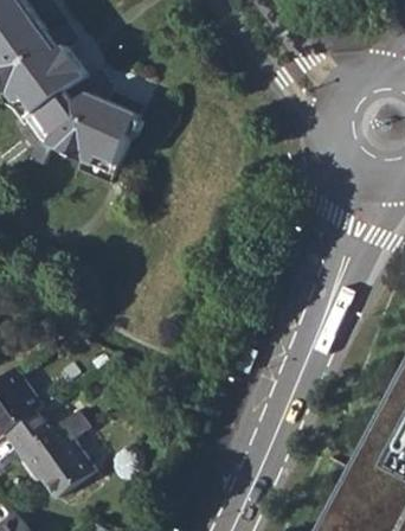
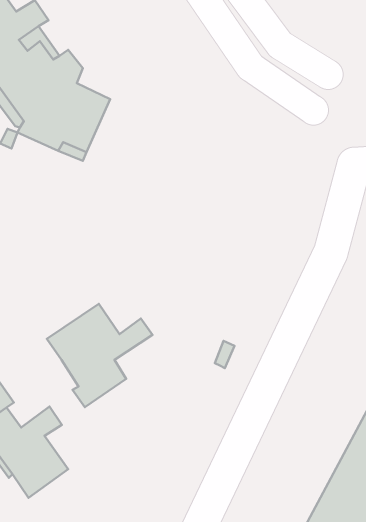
building: none -> [47,304,153,407]

